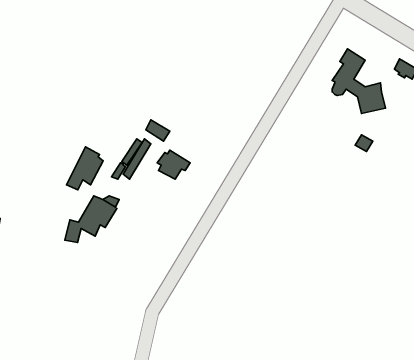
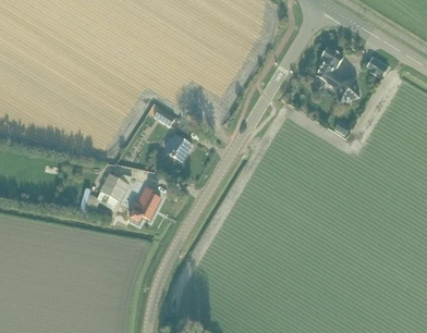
building: [66,147,103,190] -> [131,188,162,225]

